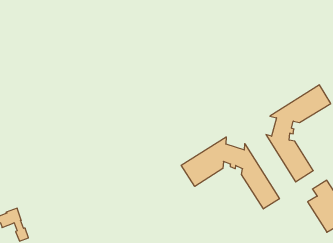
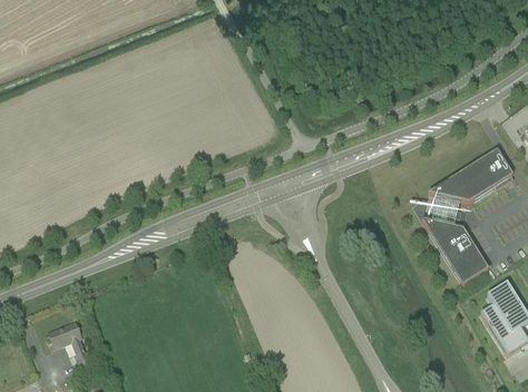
building: [181,137,279,209] -> none

